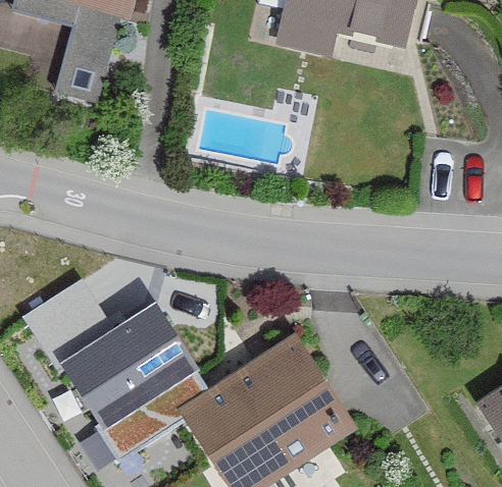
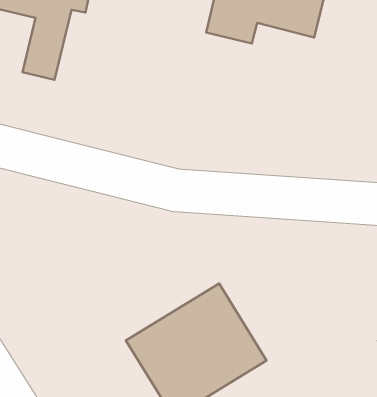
building: [90,344,179,432] -> none

